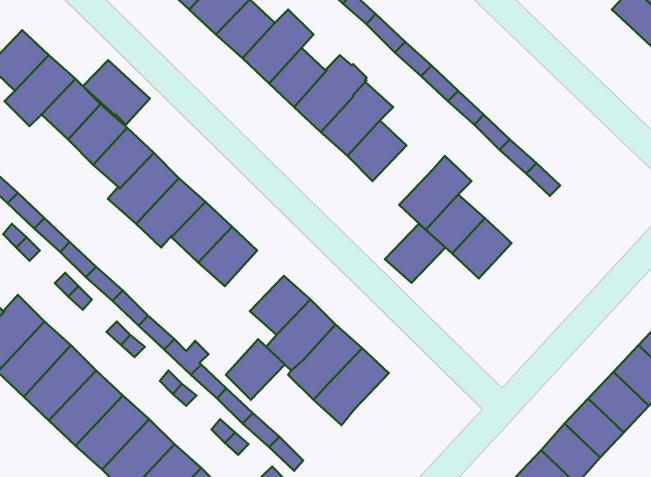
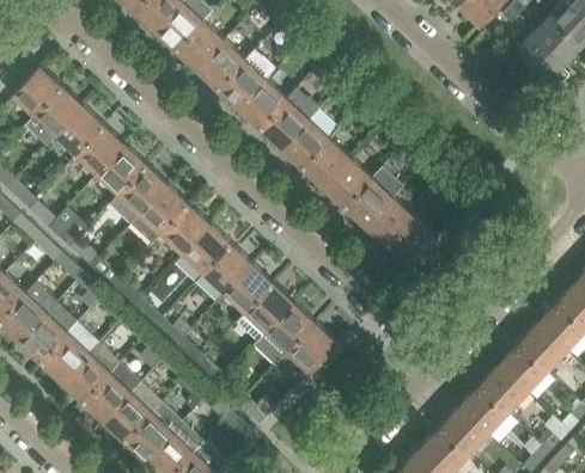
building: [83,60,150,125] -> none
building: [385,224,445,283] -> [323,161,372,209]
building: [226,339,285,400] -> [203,246,251,295]

